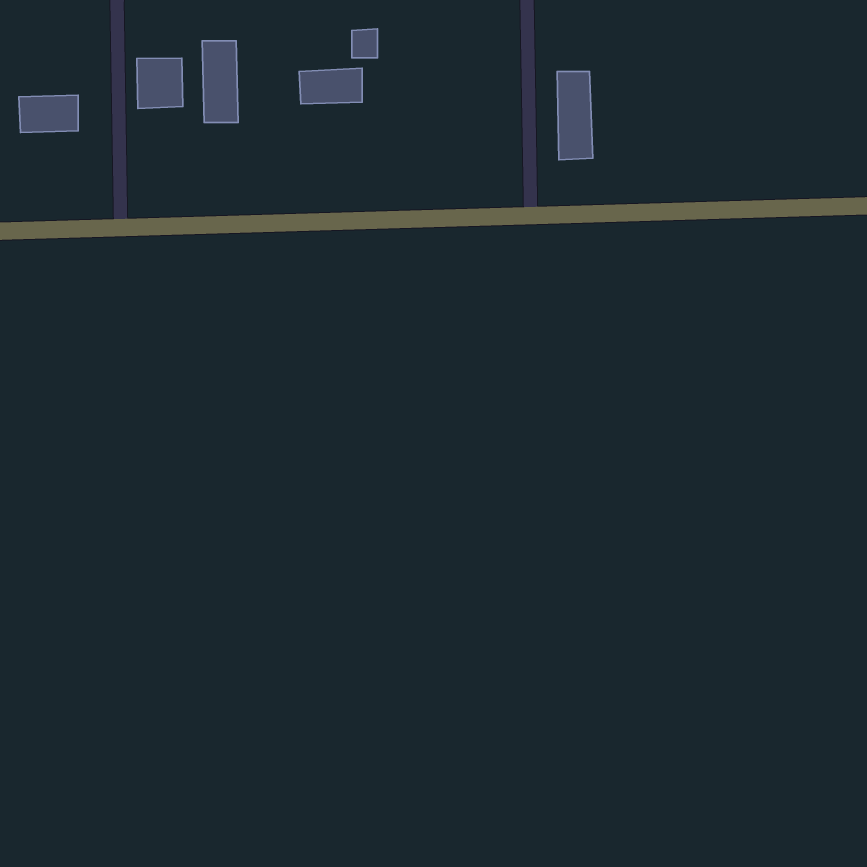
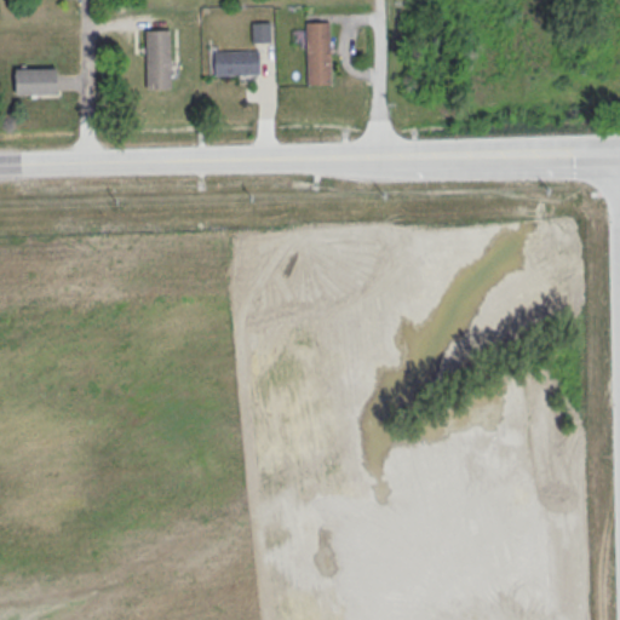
building: [137,58,183,108] -> none
building: [557,71,593,160] -> [306,22,332,85]

